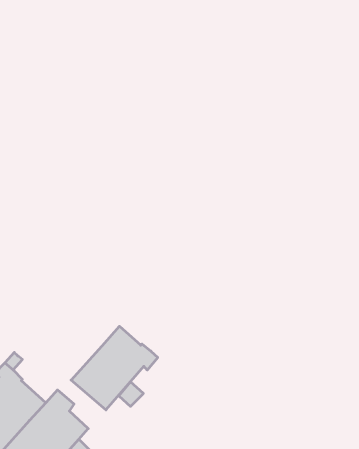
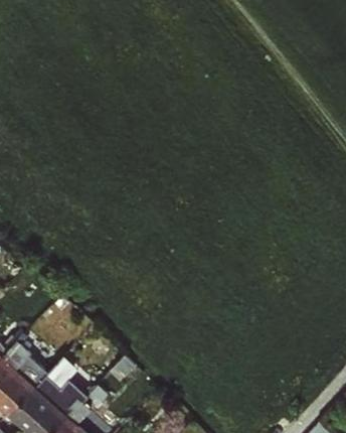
building: [71,326,158,410] -> none

